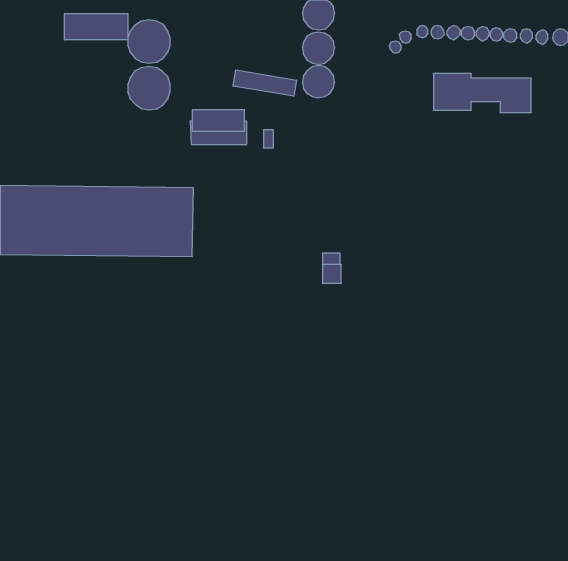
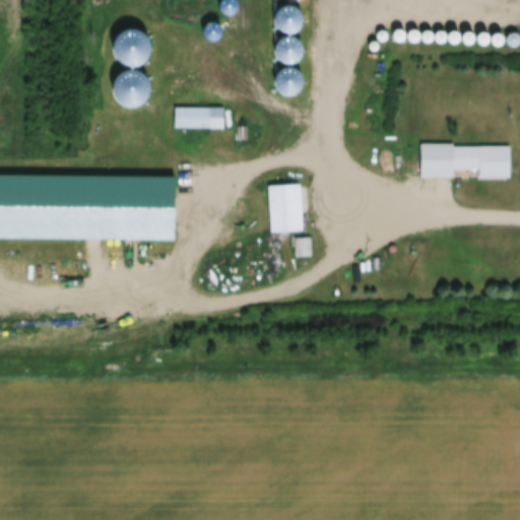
building: [65,13,128,40] -> none
building: [233,70,296,96] -> none
building: [433,74,531,113] -> [417,143,507,179]
building: none -> [266,184,302,232]

